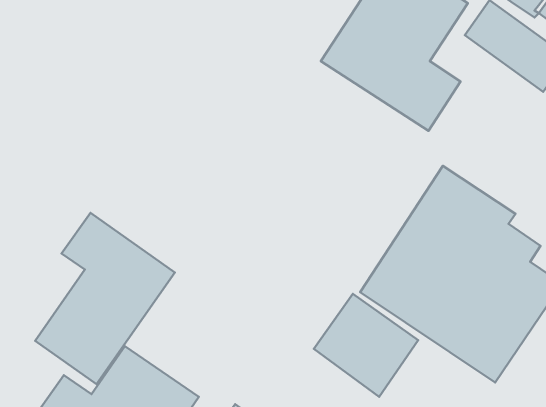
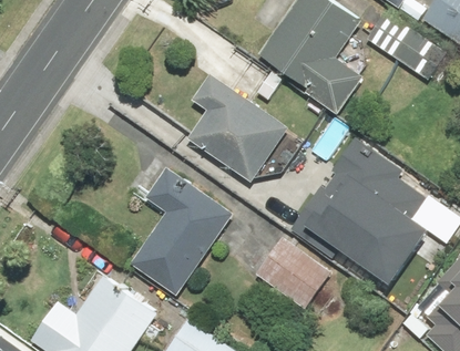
building: none -> [188,75,288,183]
building: [35,213,175,384] -> [130,166,236,297]

